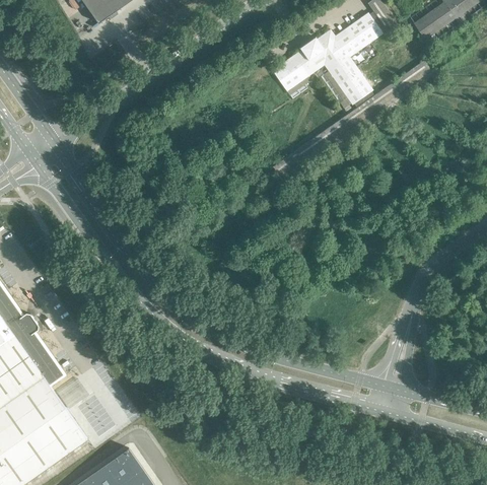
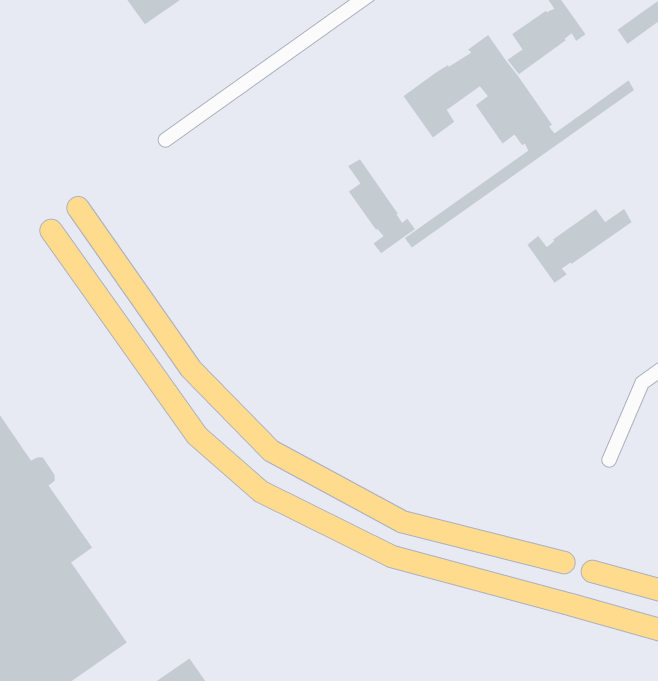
building: none -> [347,159,416,254]
building: none -> [526,208,633,284]

